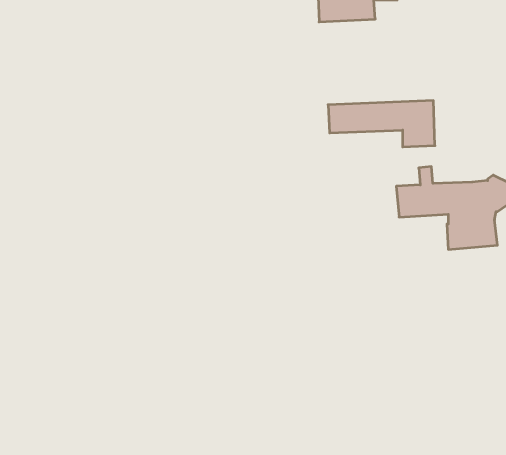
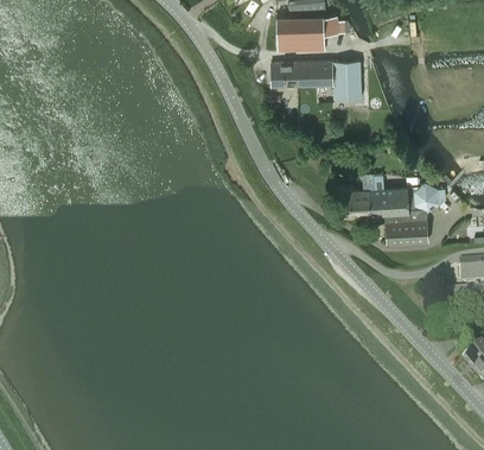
building: [328,101,435,147] -> [272,57,362,96]

